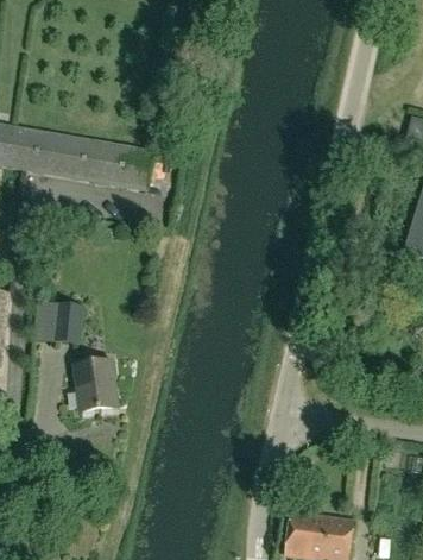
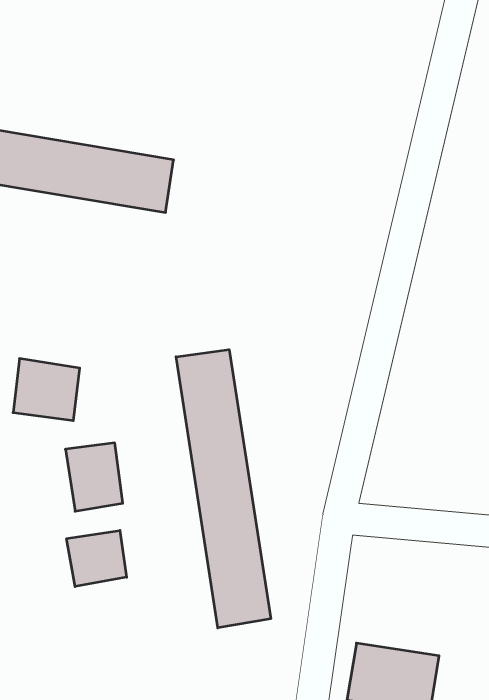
building: none -> [176,350,271,628]
building: none -> [67,530,127,587]

